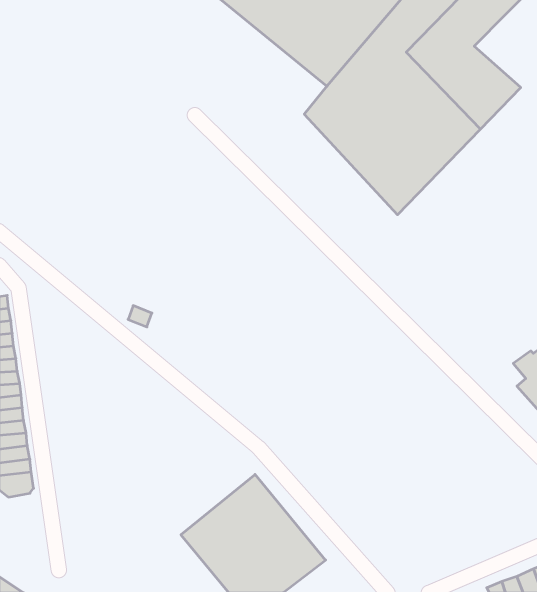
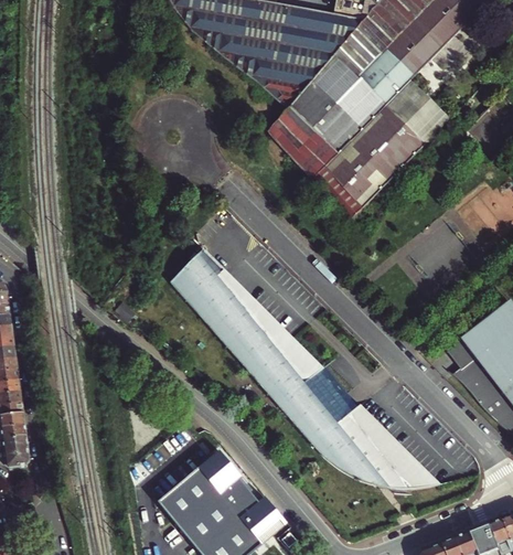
building: none -> [169,248,439,489]

